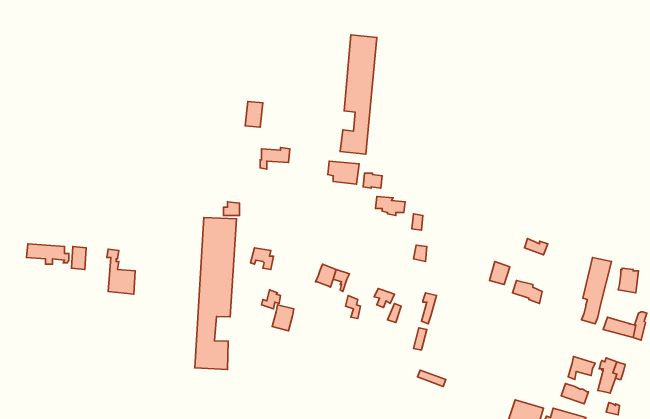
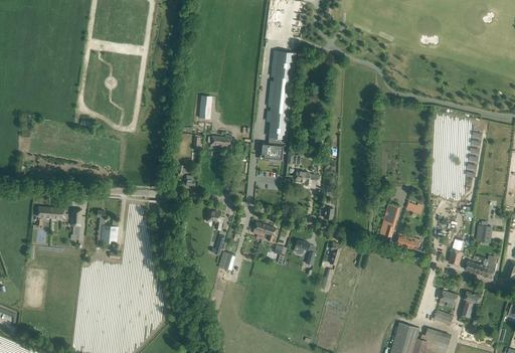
building: [195,217,236,369] -> none

